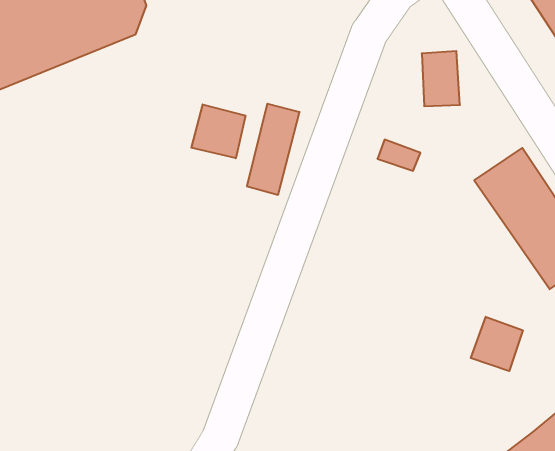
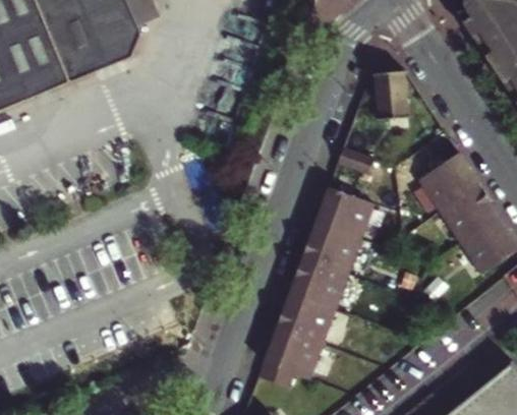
building: [191,104,245,158] -> none
building: none -> [260,185,375,387]
building: [471,317,523,371] -> none

